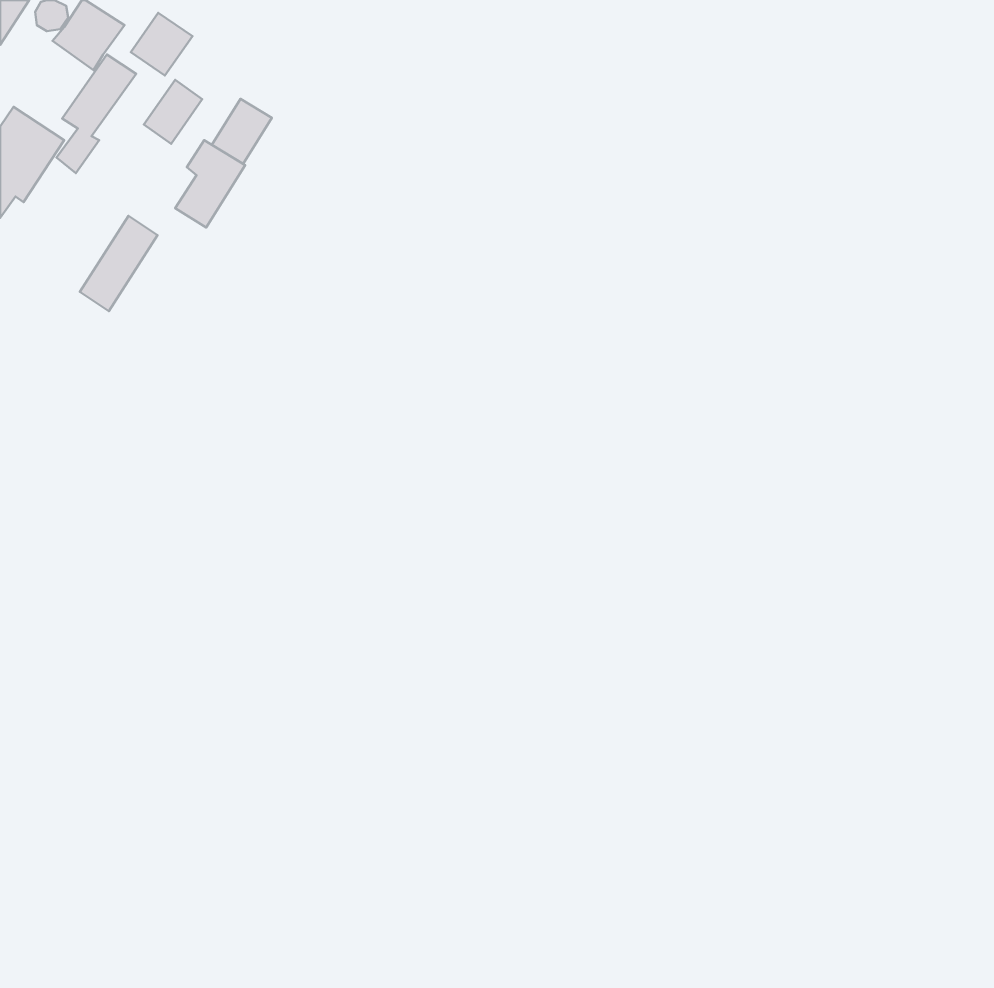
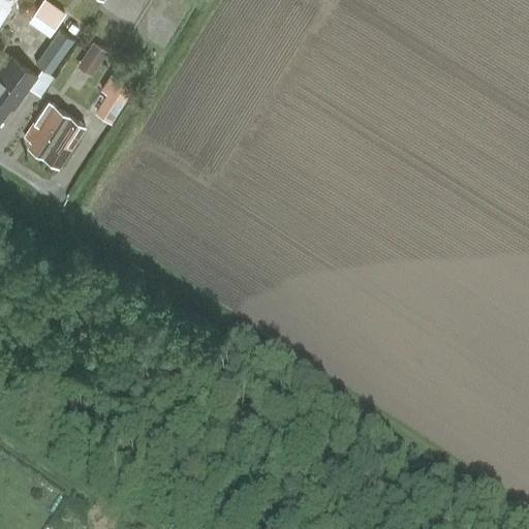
building: [131,13,192,75] -> none
building: [212,99,272,164] -> none
building: none -> [25,104,68,158]

